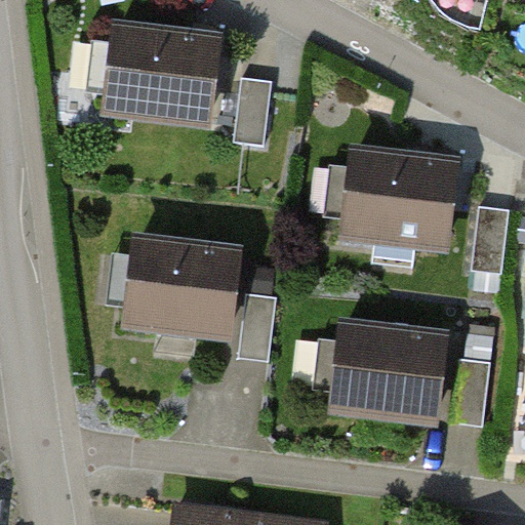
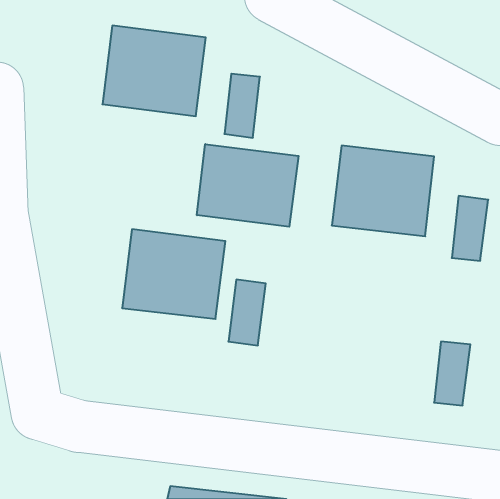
building: none -> [197,144,299,227]
building: [334,324,441,418] -> none

